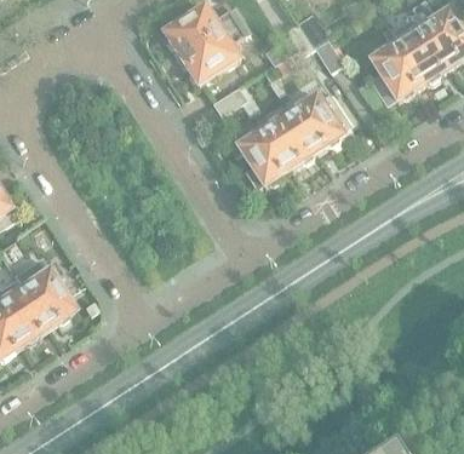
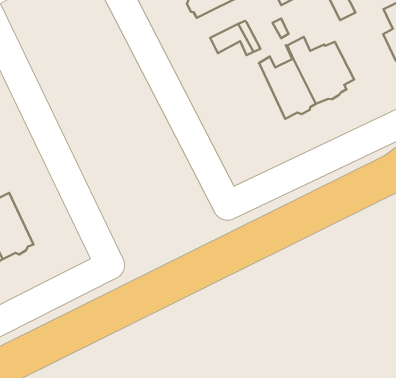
building: [239,119,291,186] -> none

